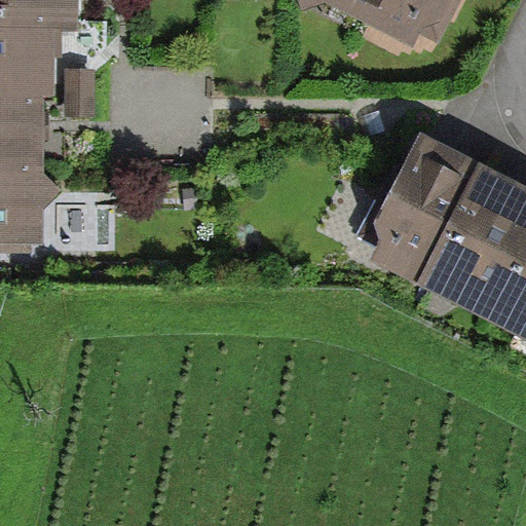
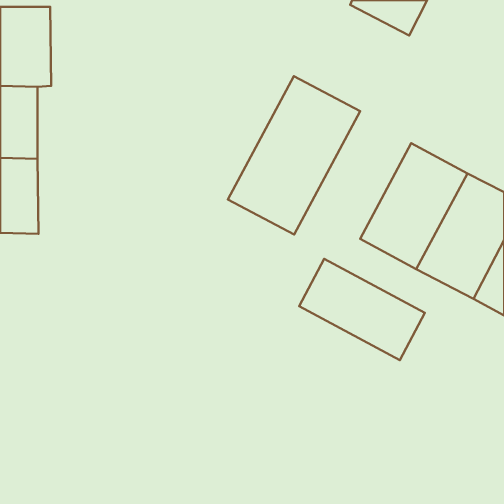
building: none -> [228,76,360,234]
building: none -> [299,259,425,360]

